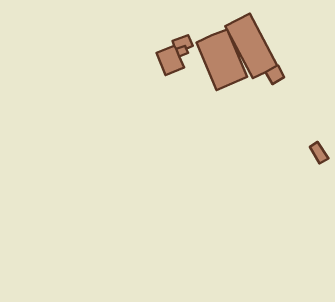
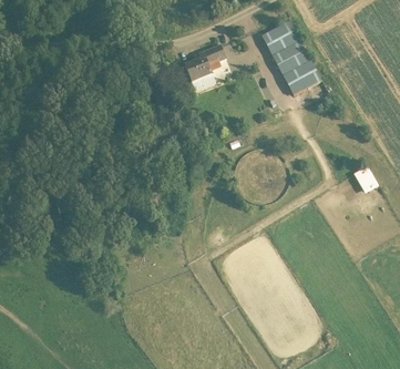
building: [196,29,247,90] -> none

